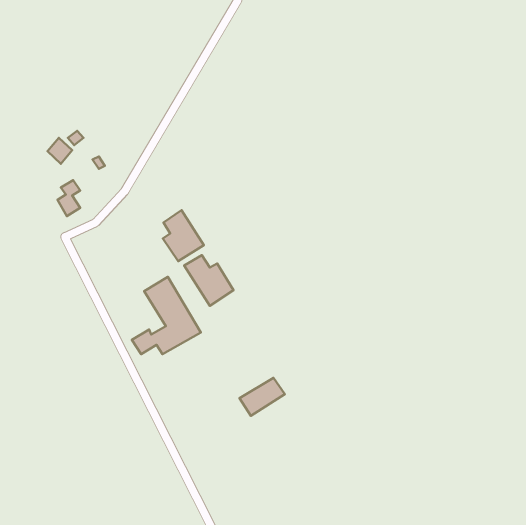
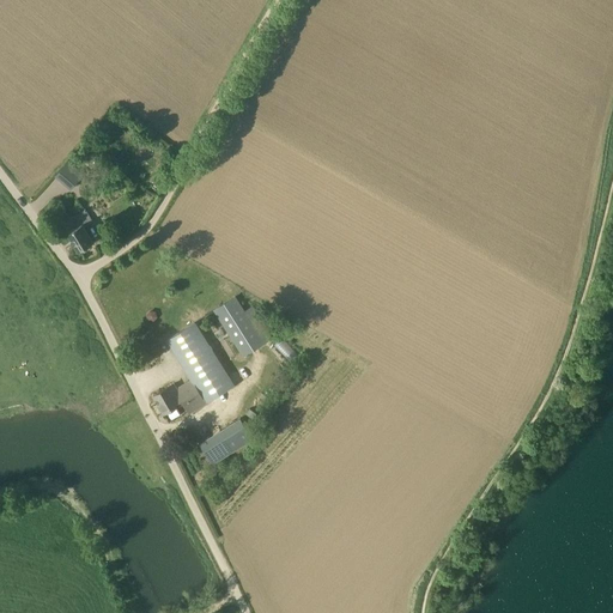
building: [163,210,204,261] -> none
building: [240,378,285,416] -> [200,420,253,465]

